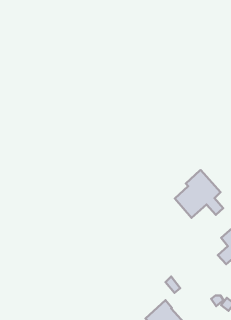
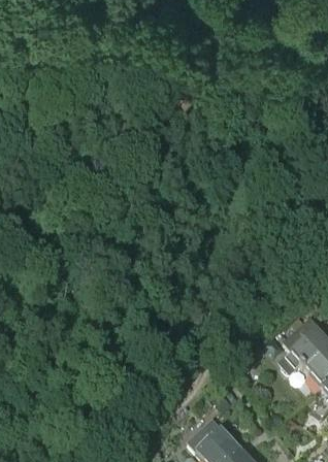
building: [175,170,223,218] -> none

